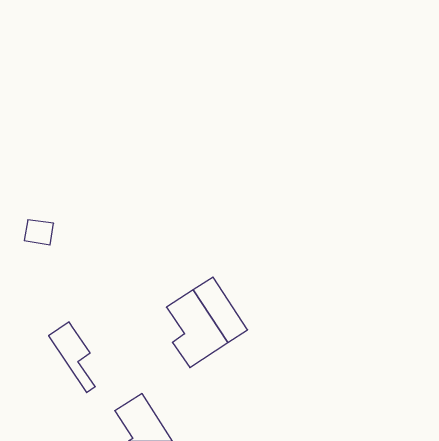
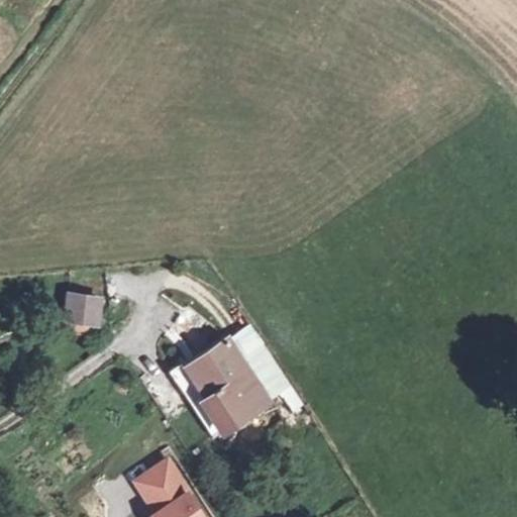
building: [24,220,54,245] -> [67,294,101,323]
building: [49,322,95,393] -> [170,354,224,437]

